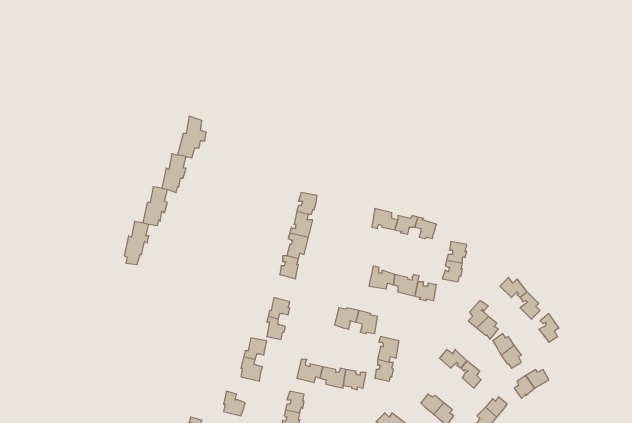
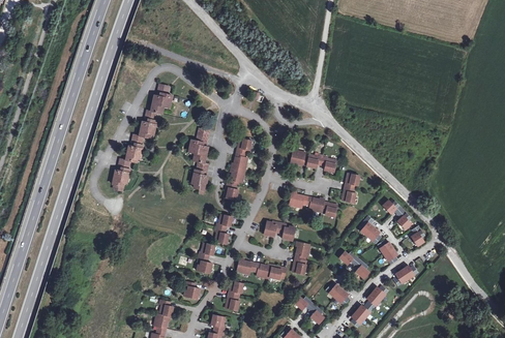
building: none -> [188,128,208,194]

